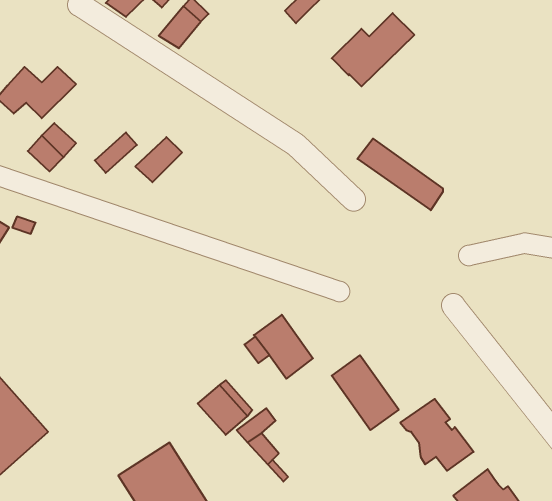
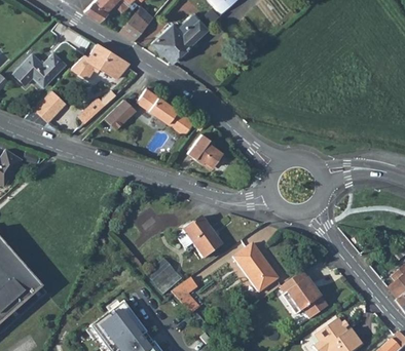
building: [332,13,414,86] -> [151,13,206,62]
building: none -> [70,42,128,78]
building: [357,139,443,210] -> [136,87,192,134]
building: none -> [187,132,222,166]

